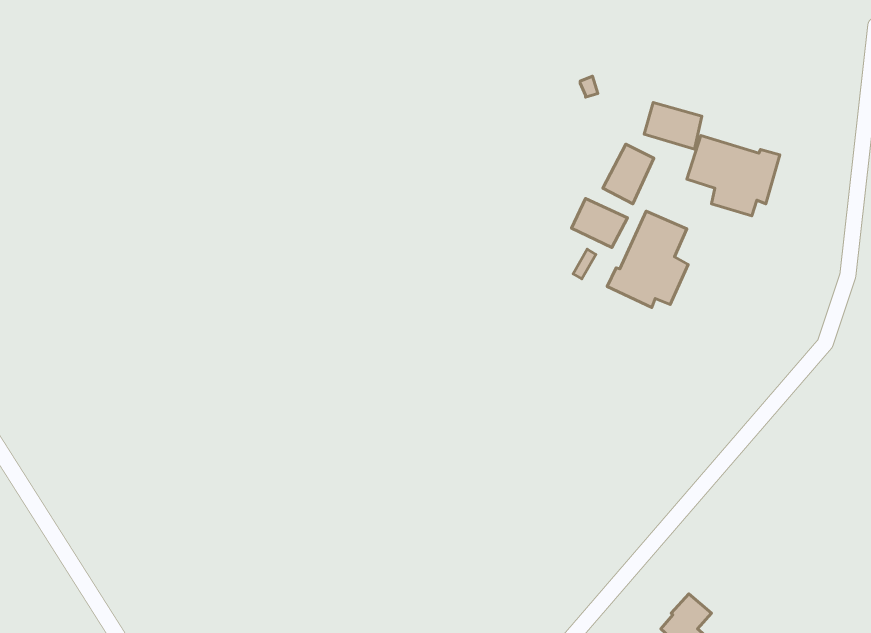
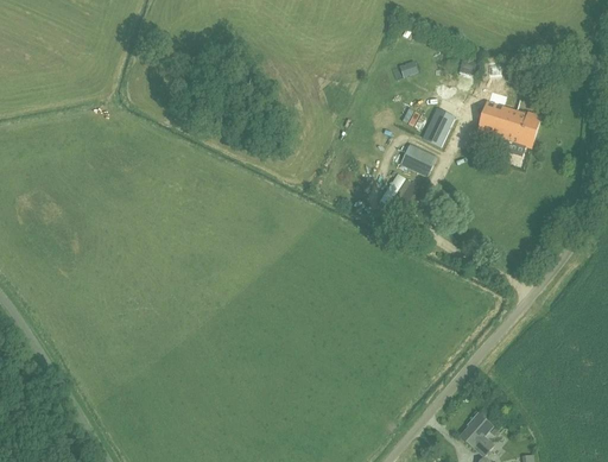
building: [644,103,702,149] -> none
building: [607,211,688,308] -> none

